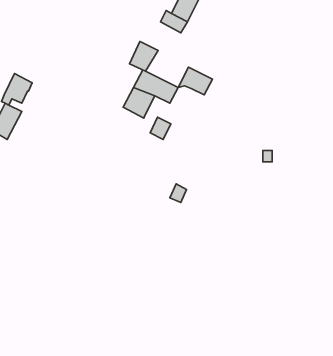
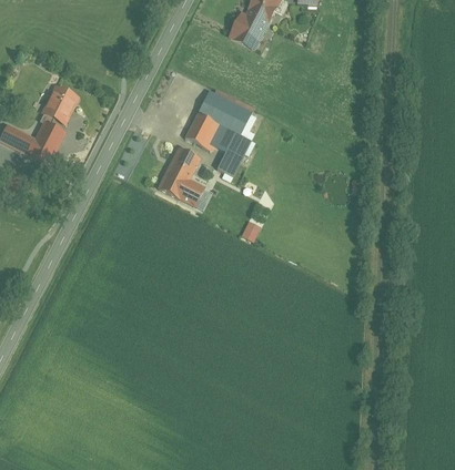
building: [129,41,158,71] -> none
building: [178,67,213,95] -> [212,117,253,151]
building: none -> [160,143,206,201]

